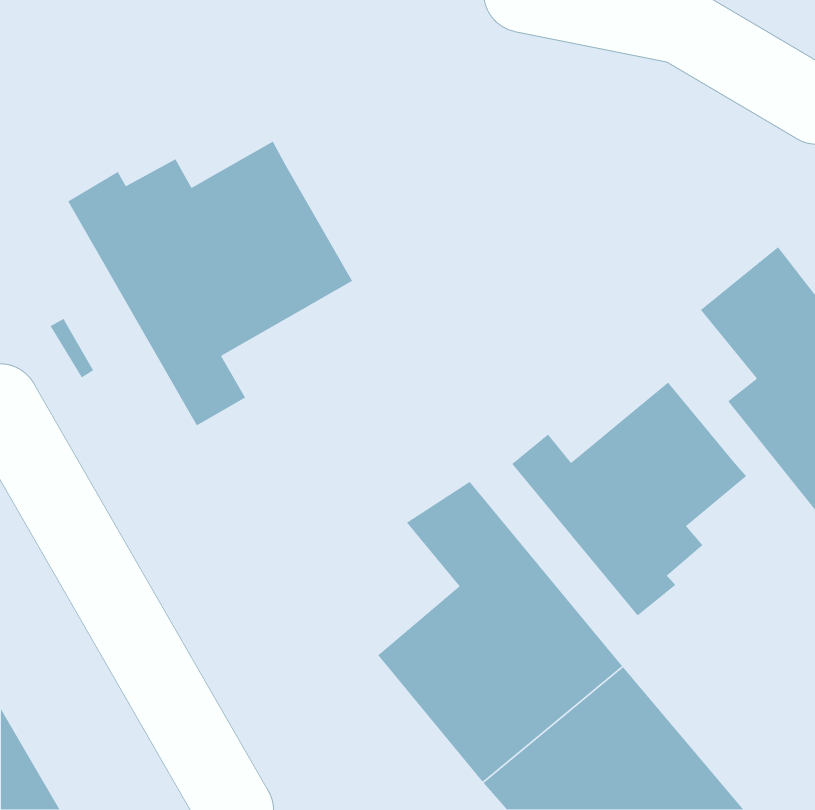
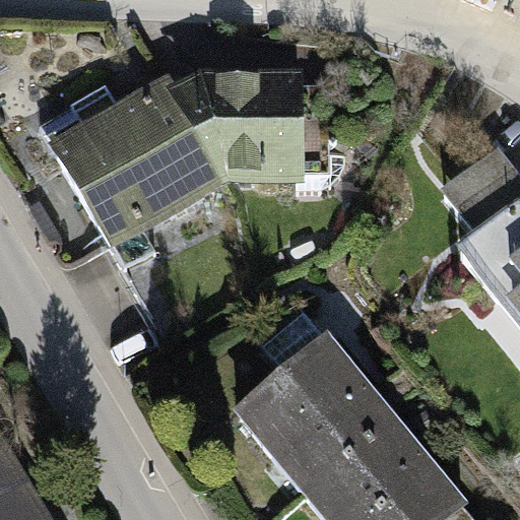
building: none -> [183,76,353,192]
building: [511,381,747,616] -> none

